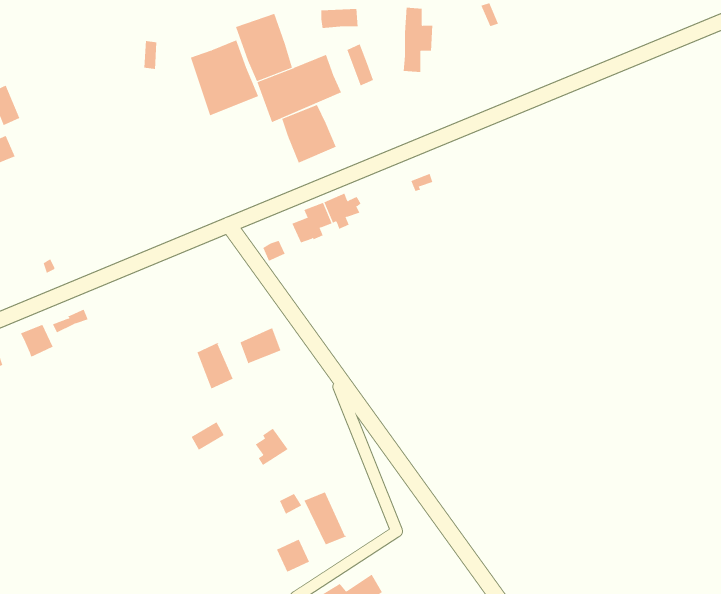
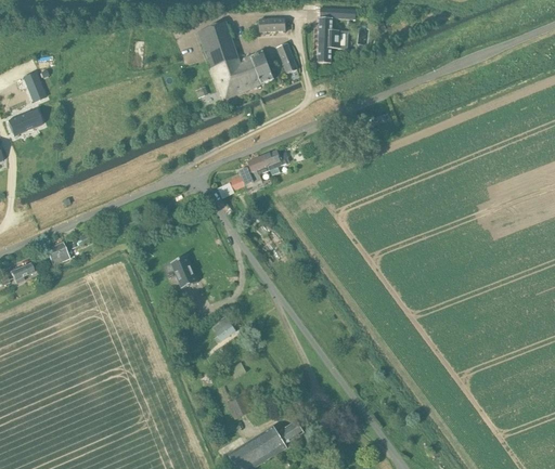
building: [190,40,259,116] -> none
building: [282,104,337,163] -> none
building: [239,327,281,365] -> none
building: [303,492,346,546] -> none

